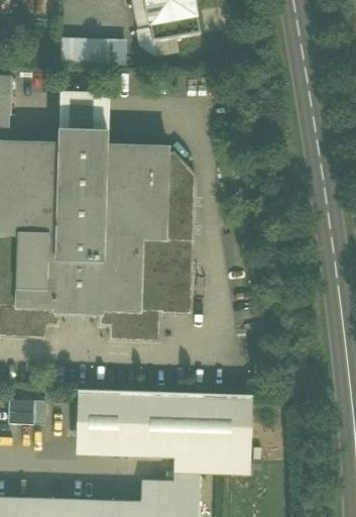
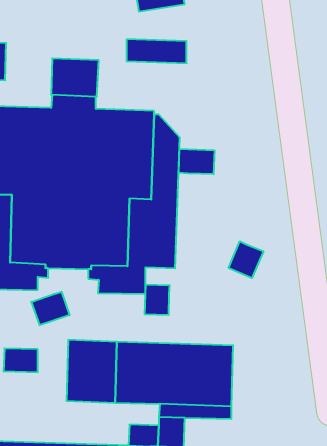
building: [61,38,124,64] -> [127,39,187,63]
building: none -> [179,149,214,174]
building: none -> [229,241,263,278]
building: none -> [145,284,169,315]
building: none -> [31,292,70,325]

